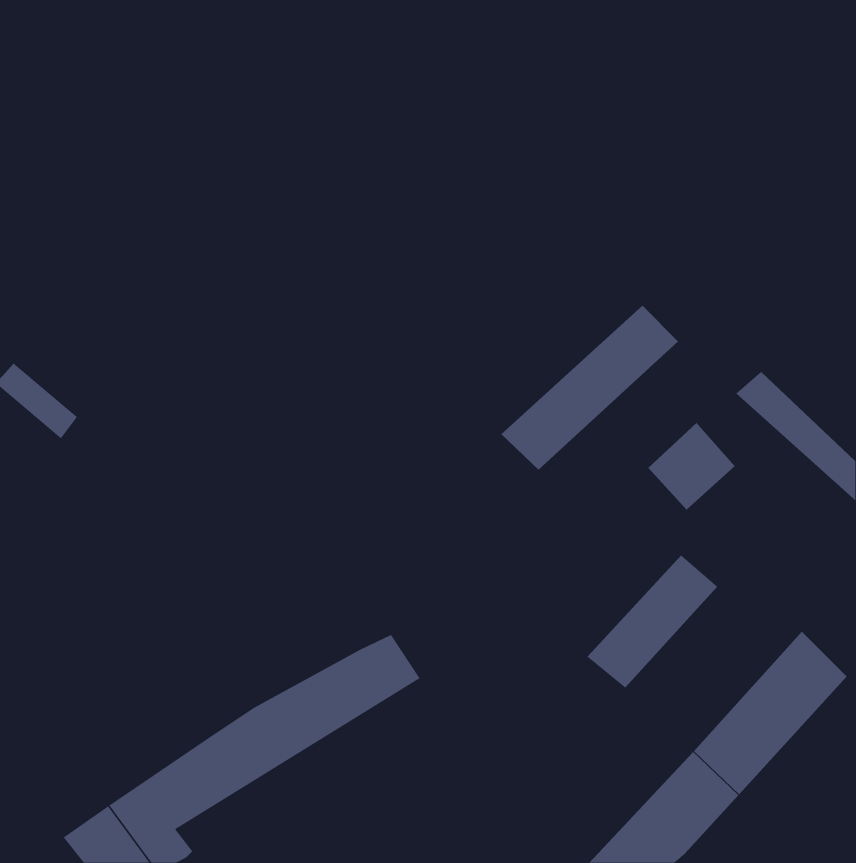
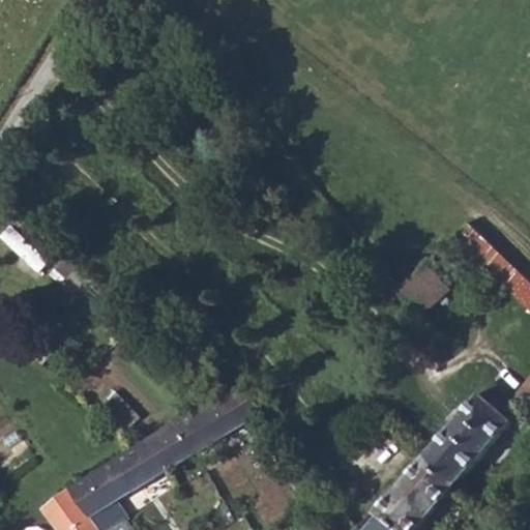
building: [501,305,679,471] -> none
building: [587,555,718,688] -> none

